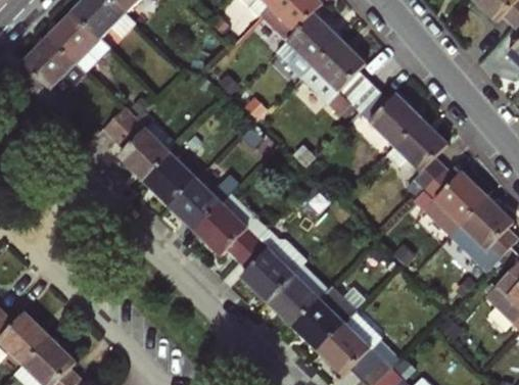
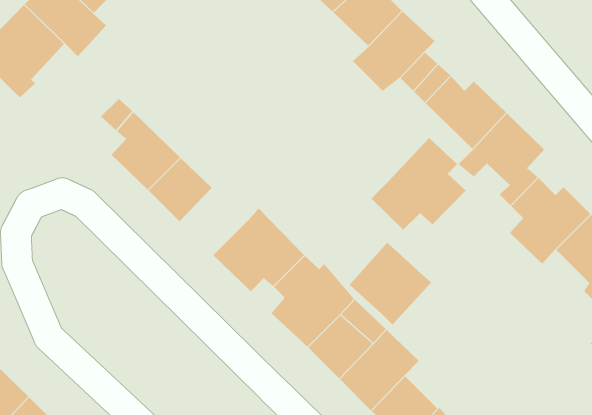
building: none -> [370,137,466,231]
building: [167,176,219,228] -> none
building: none -> [349,242,432,325]

